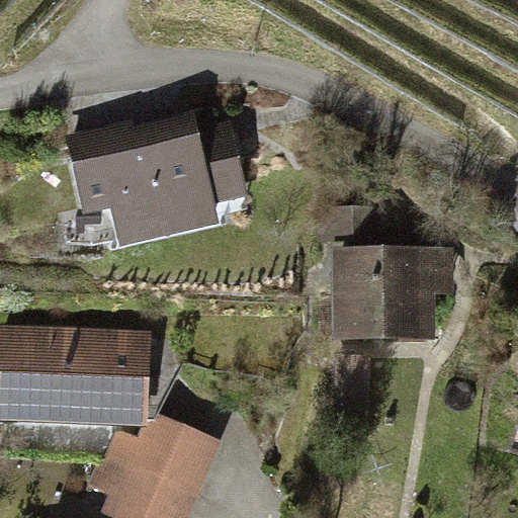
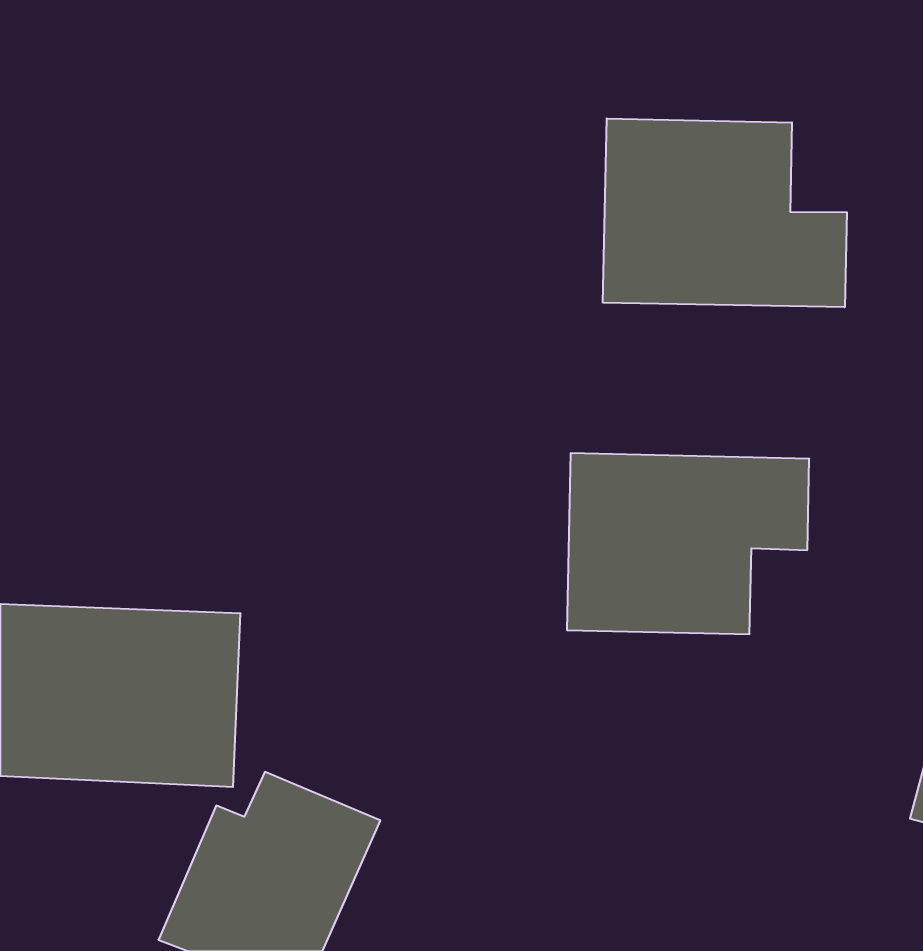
building: none -> [603,118,847,307]
building: [39,98,235,245] -> none

